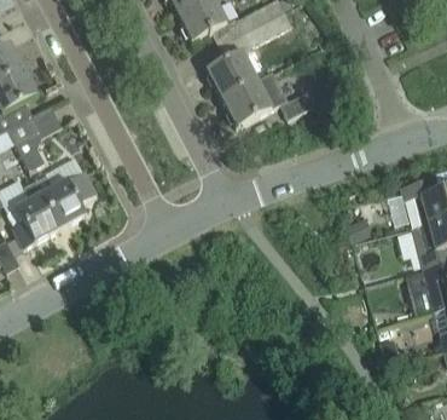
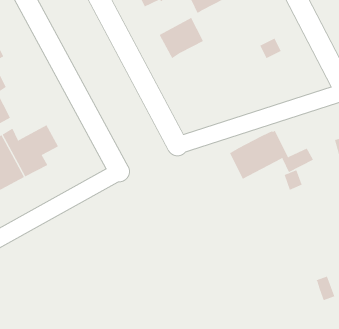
building: [221,70,314,125] -> [229,130,314,180]

